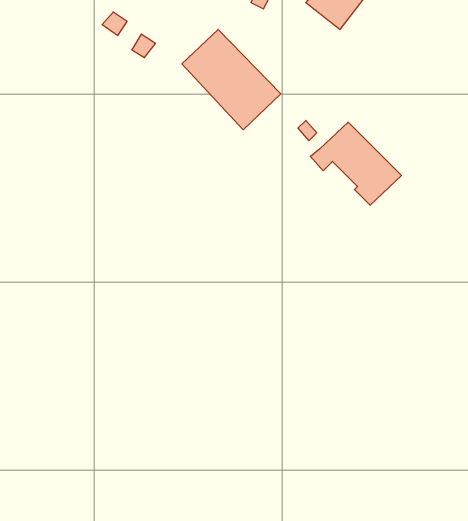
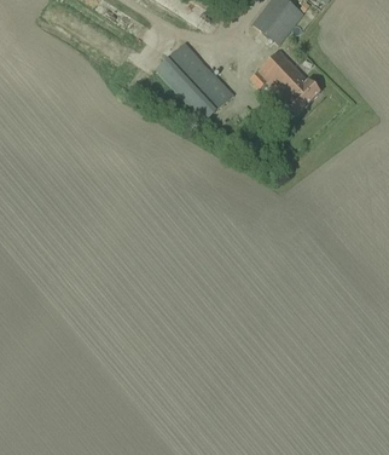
building: [310,122,401,205] -> [250,50,320,114]

